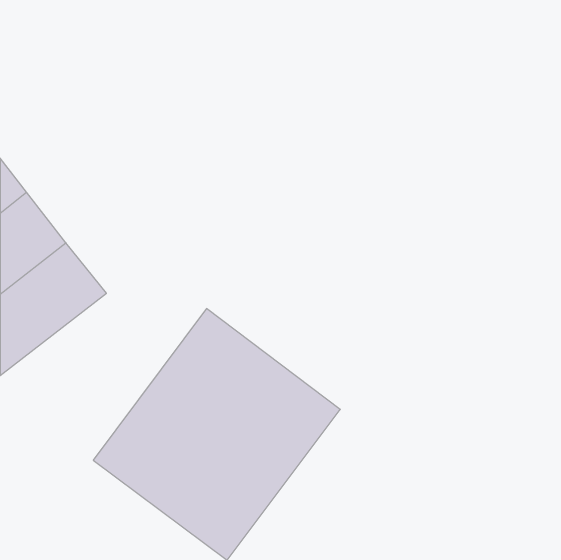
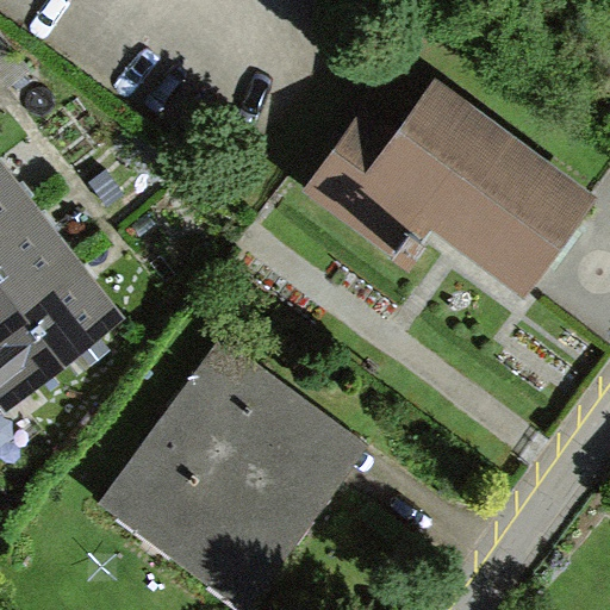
building: none -> [311,85,590,286]

